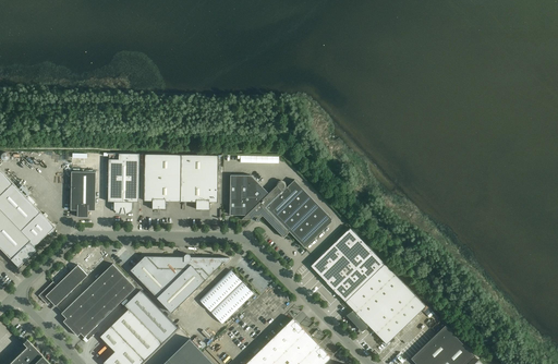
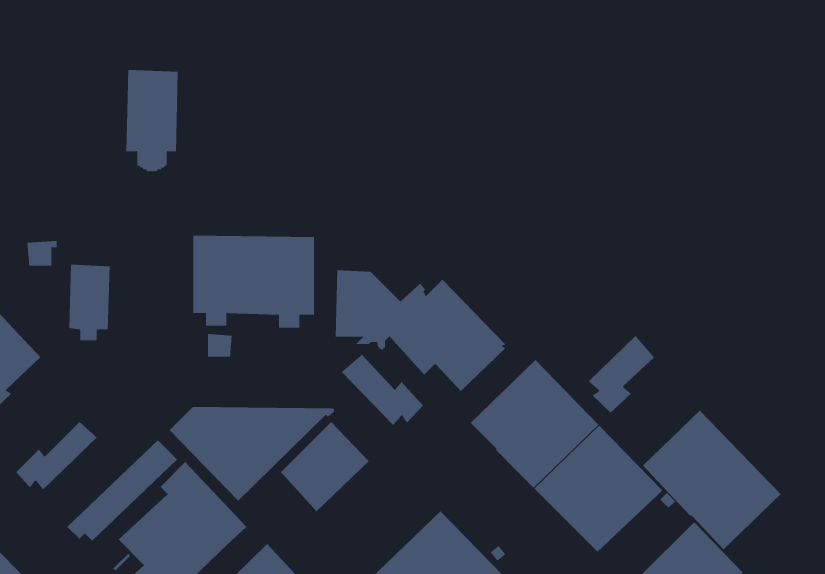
building: [107,153,138,214] -> [126,70,179,172]
building: none -> [588,335,655,413]
building: none -> [341,354,424,426]
building: none -> [642,410,781,550]
building: [61,264,123,328] -> none

